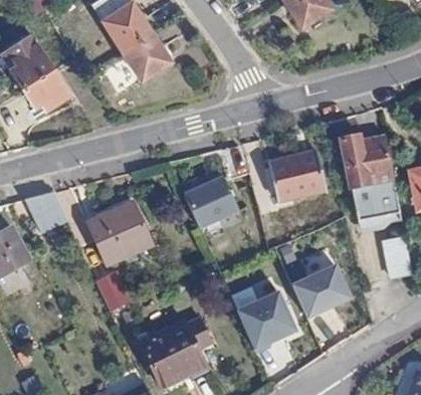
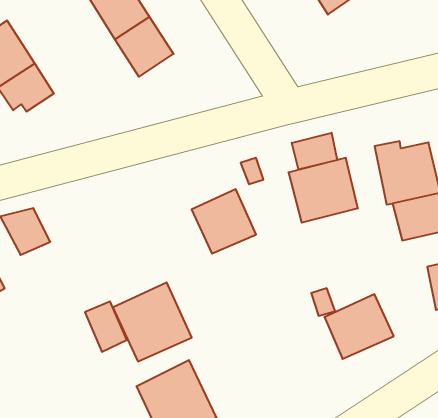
building: none -> [292,133,337,170]
building: [85,199,152,265] -> [113,282,192,361]
building: [239,291,301,352] -> none

